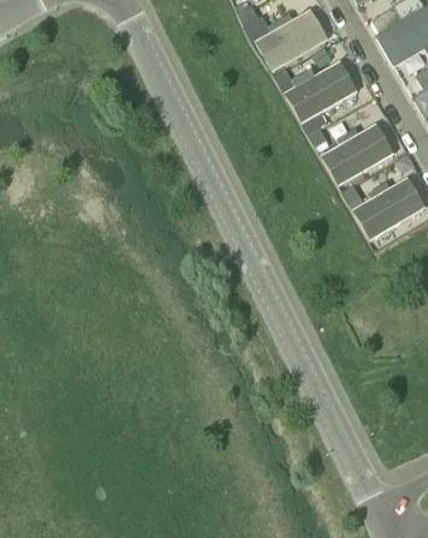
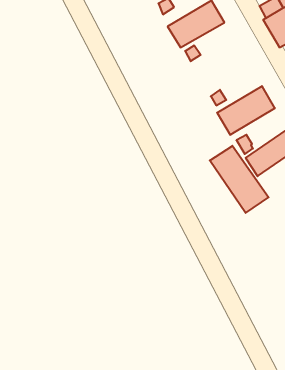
building: [283,59,355,121] -> none
building: none -> [210,146,269,213]

